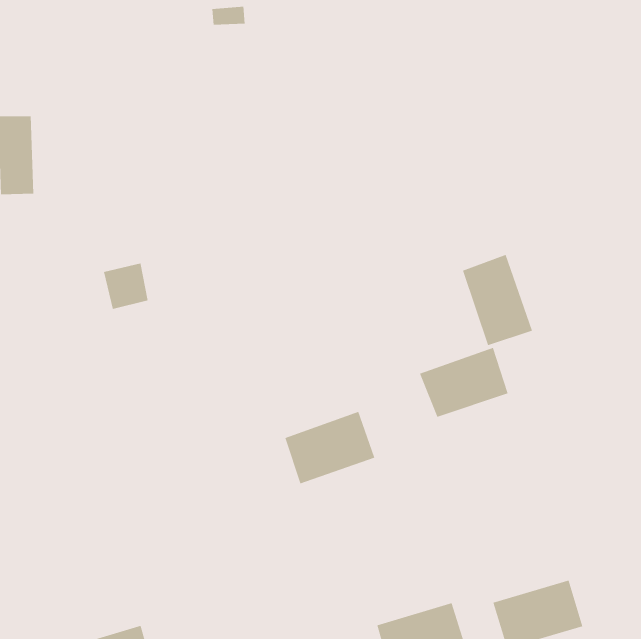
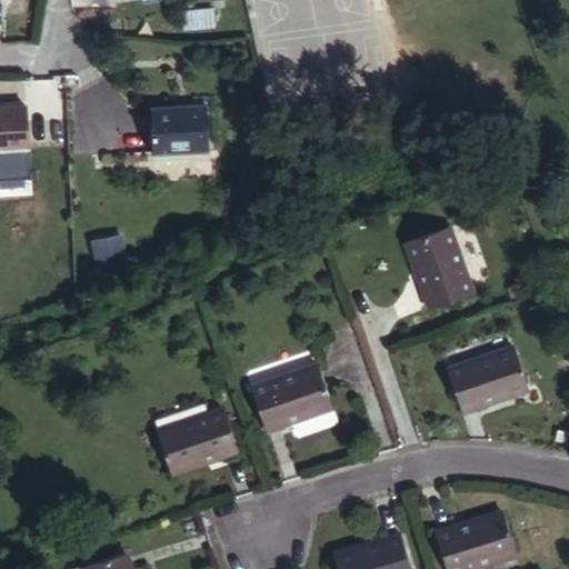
building: none -> [156,104,212,151]
building: [419,347,509,418] -> [447,350,526,412]
building: none -> [157,410,234,475]

